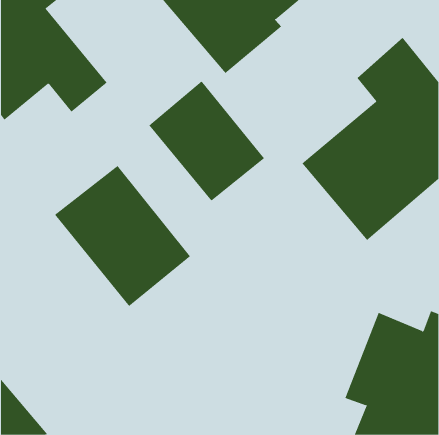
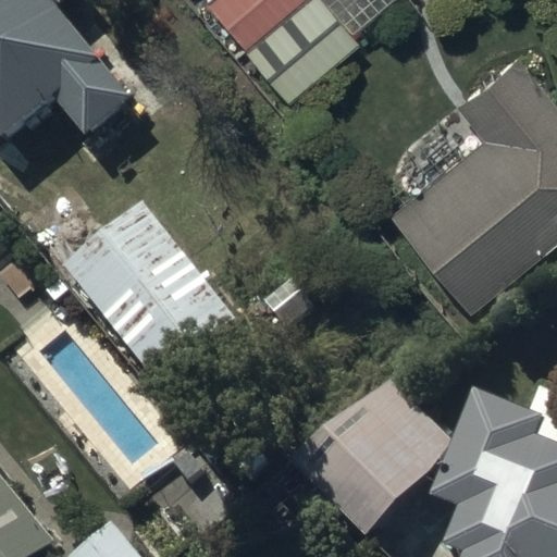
building: [148,80,265,202] -> none
building: none -> [292,385,456,545]

